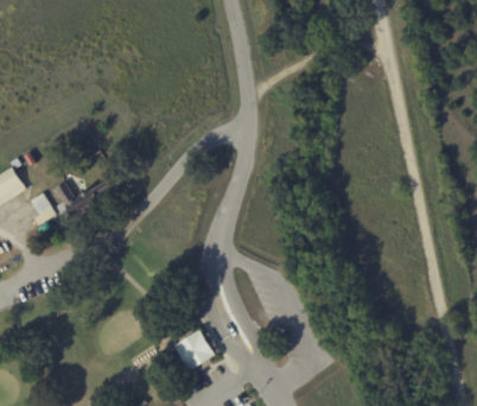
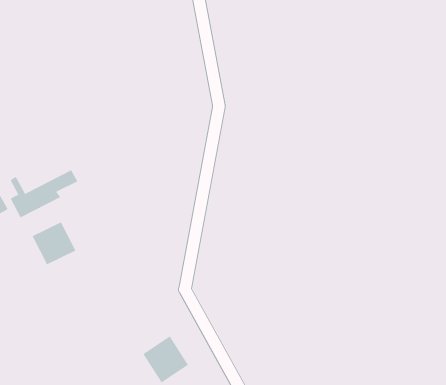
building: none -> [32,222,76,265]

